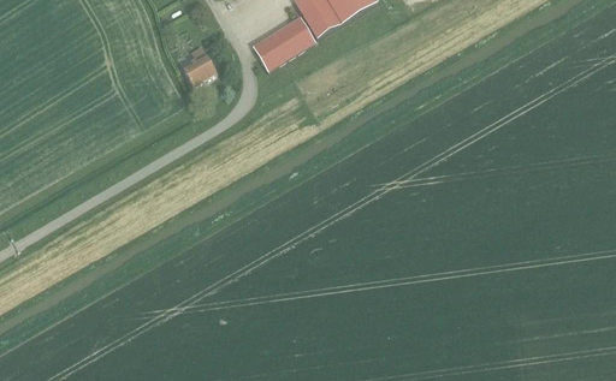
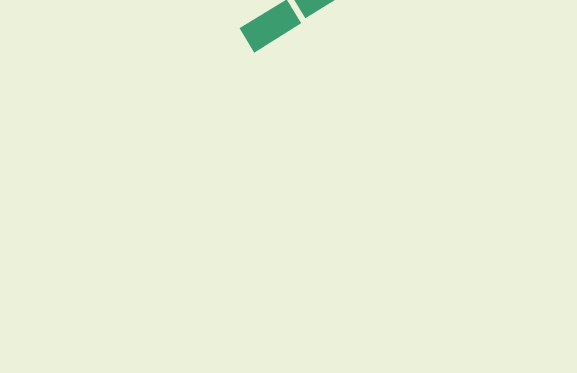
building: [182,47,215,85] -> none

